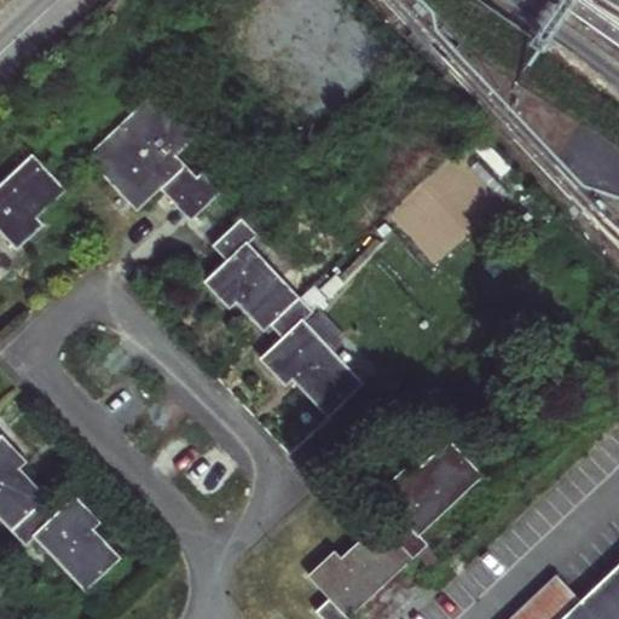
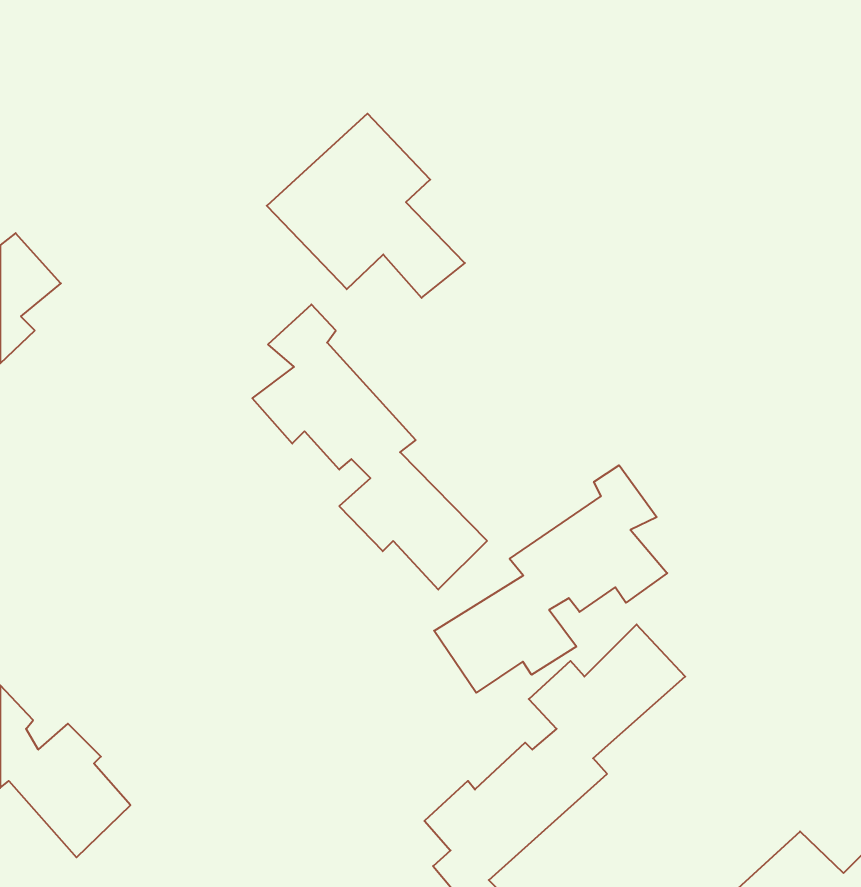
building: [73,82,210,210] -> [267,114,465,298]
building: none -> [434,465,667,693]

